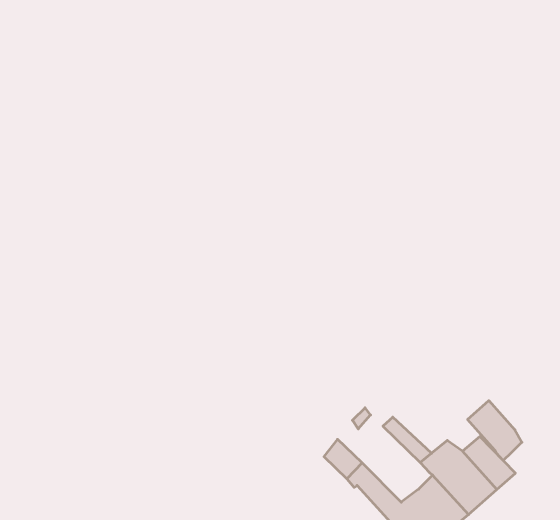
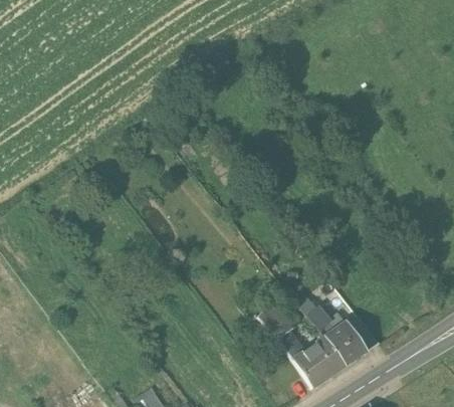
building: [468,401,522,461] -> none

